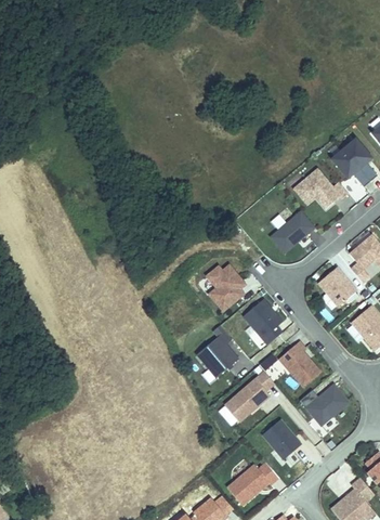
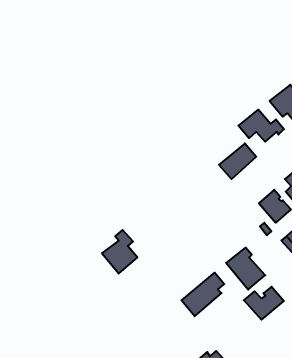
building: [206,261,248,311] -> none
building: [244,299,283,344] -> none
building: [196,322,239,375] -> [102,230,137,274]
building: [263,419,301,459] -> none

